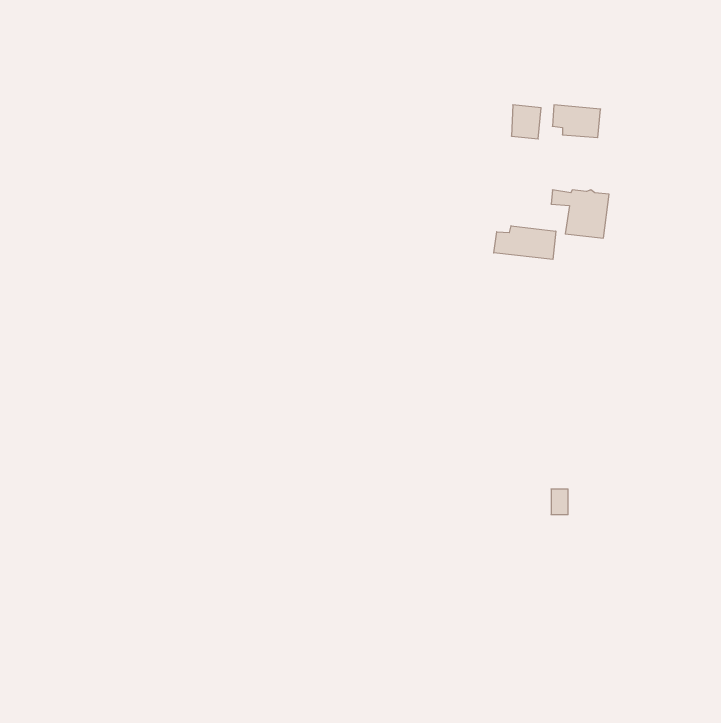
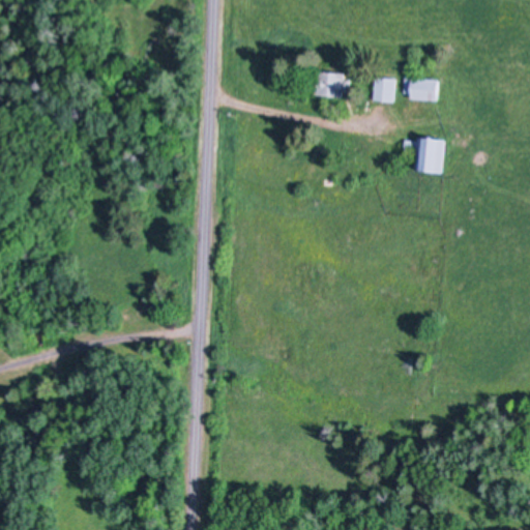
building: none -> [311,72,349,98]
building: [494,226,556,259] -> none

